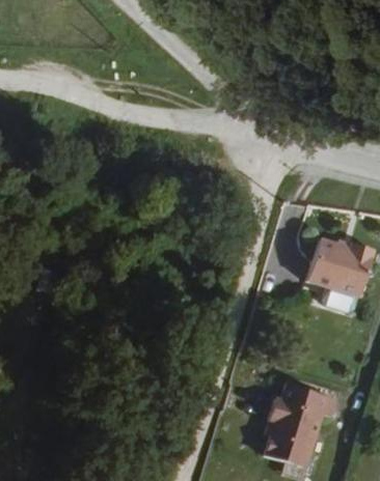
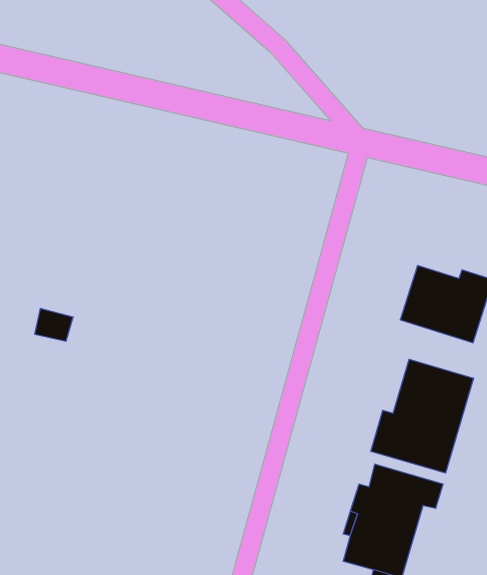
building: none -> [371,359,474,473]

